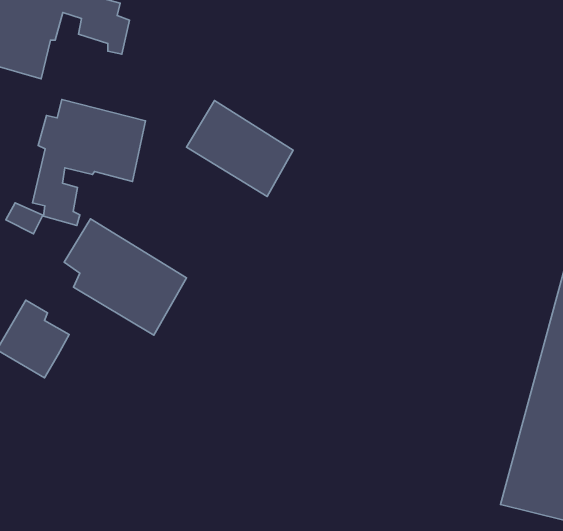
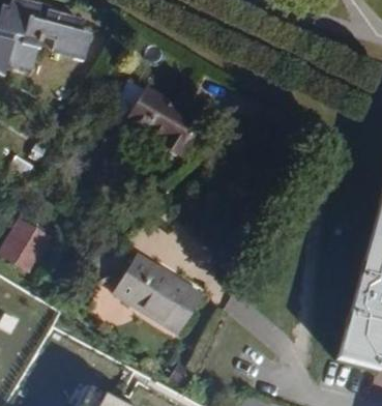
building: [33,100,146,226] -> none
building: [64,219,186,335] -> [121,254,203,331]

